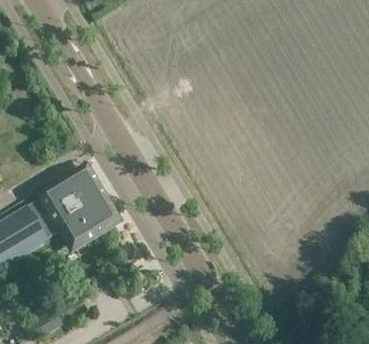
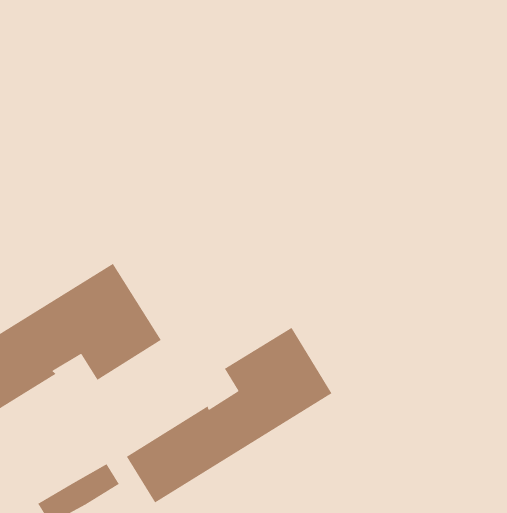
building: none -> [126,327,333,503]

